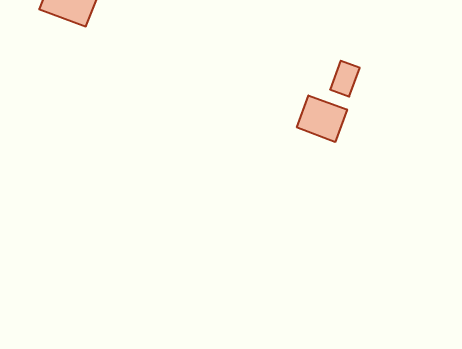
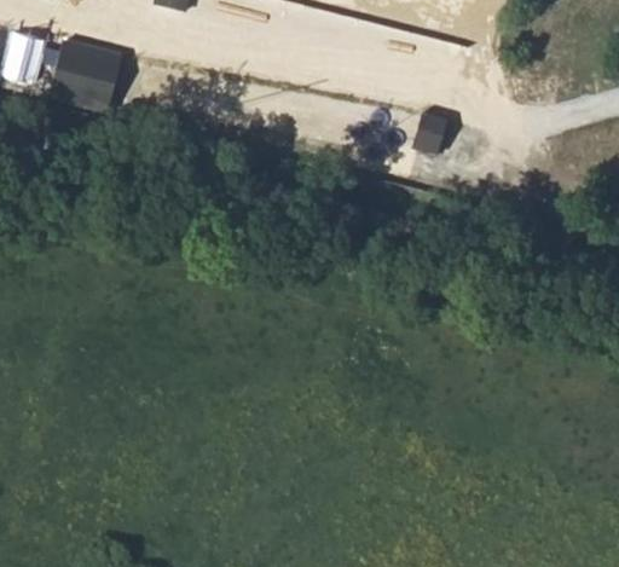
building: [297,95,347,142] -> none

